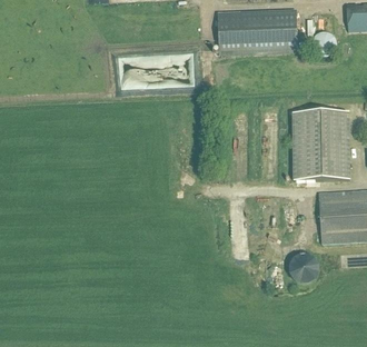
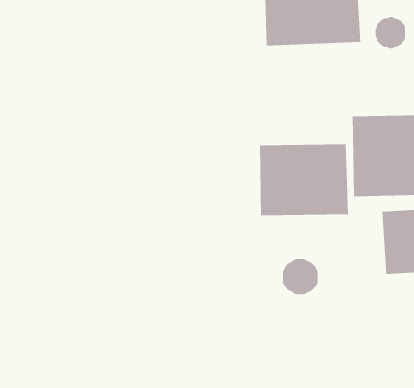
building: none -> [259,144,348,216]
building: [289,254,319,284] -> [282,258,319,295]

